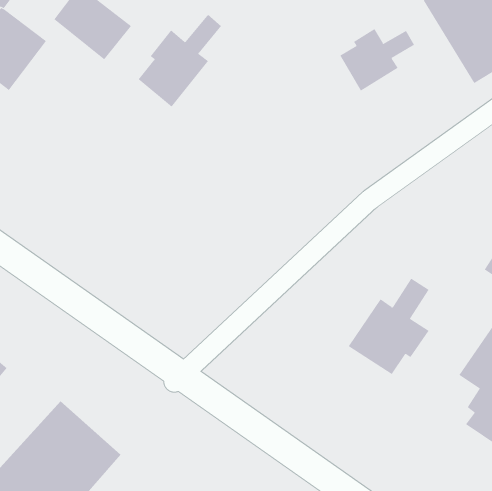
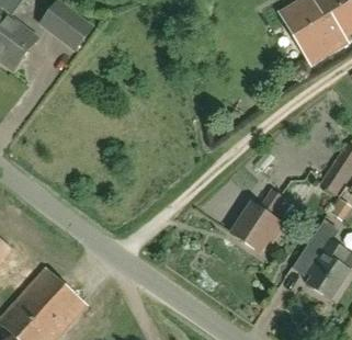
building: [138,14,222,107] -> none
building: [340,28,415,91] -> none

